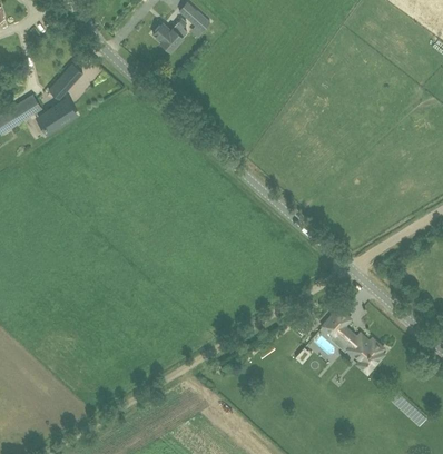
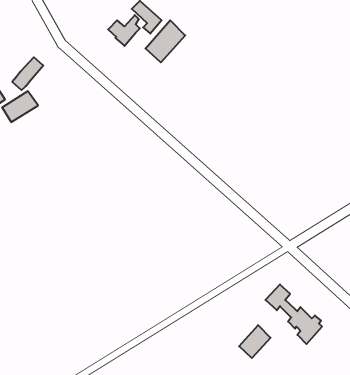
building: none -> [145,20,185,62]
building: none -> [239,325,271,358]

